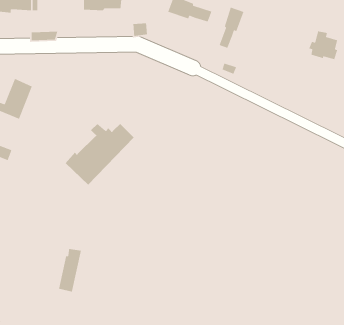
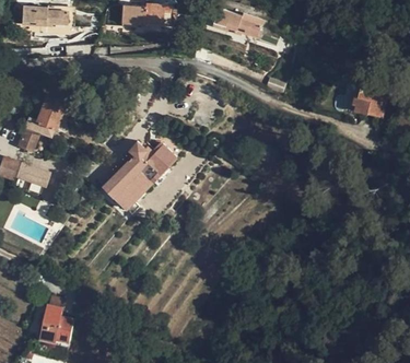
building: [219,6,245,49] -> none
building: [308,30,338,60] -> [352,84,384,116]
building: [58,248,82,292] -> [40,298,66,346]

